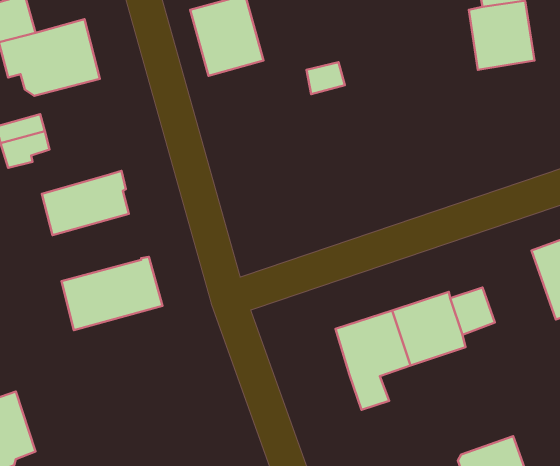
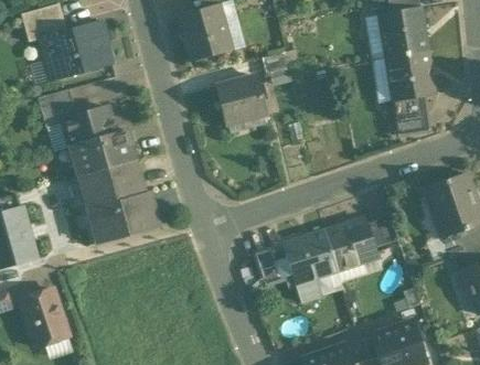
building: none -> [386,51,435,135]
building: none -> [216,78,267,124]
building: none -> [64,107,118,147]
building: none -> [75,161,143,211]
building: none -> [256,244,294,286]

